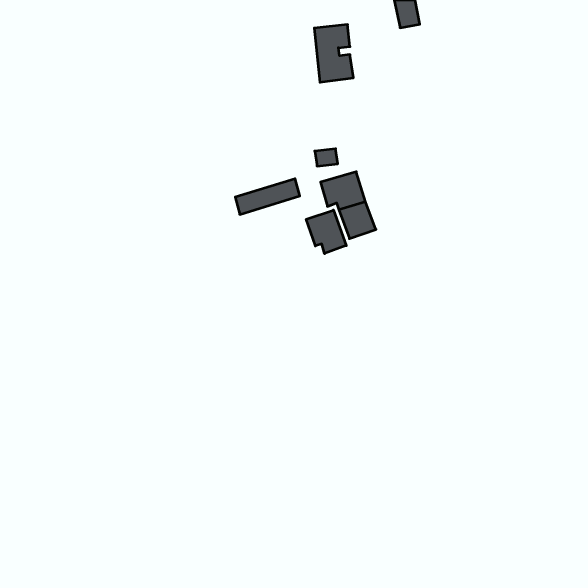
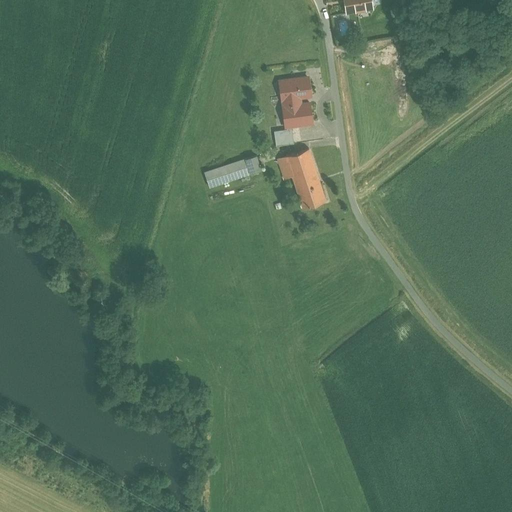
building: [314,25,353,82] -> [279,77,313,127]
building: [306,210,346,254] -> none

